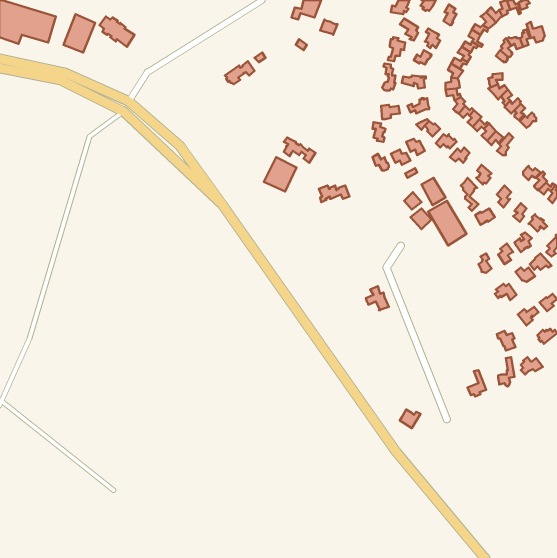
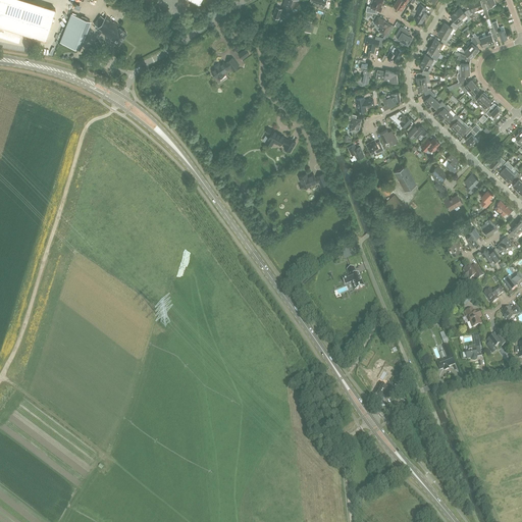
building: [264,157,297,192] -> none
building: [428,201,466,246] -> none

